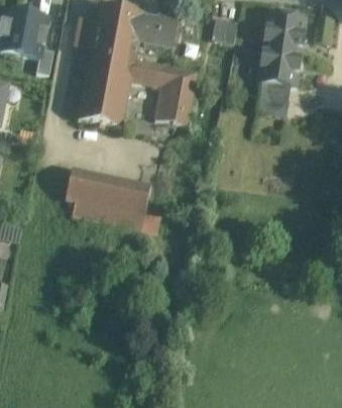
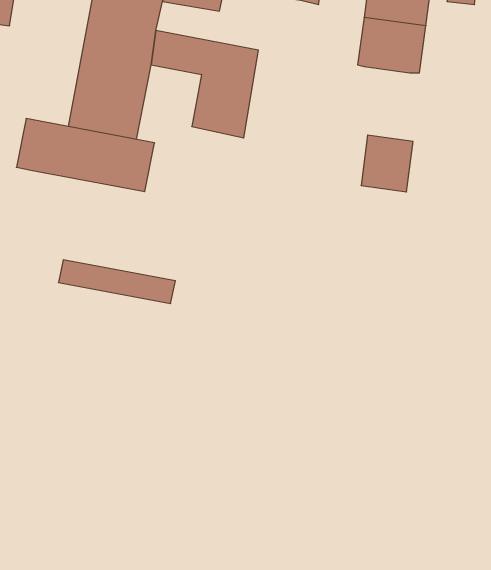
building: [257,81,290,116] -> [361,135,413,192]
building: [65,169,150,214] -> [16,119,155,192]

